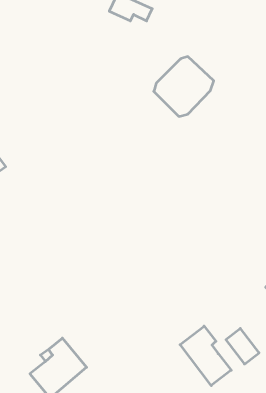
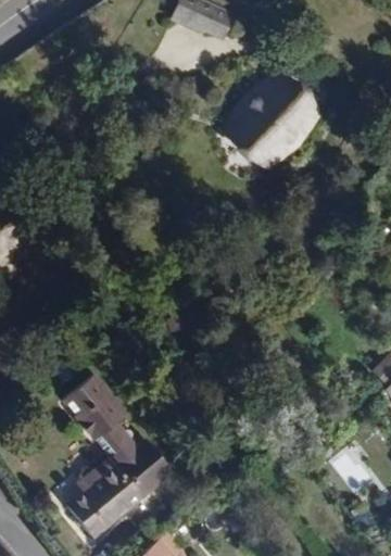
building: none -> [65,377,174,497]
building: [180,326,231,386] -> none

